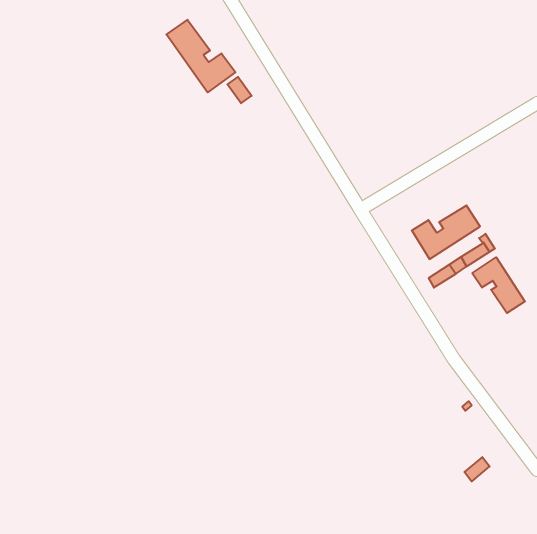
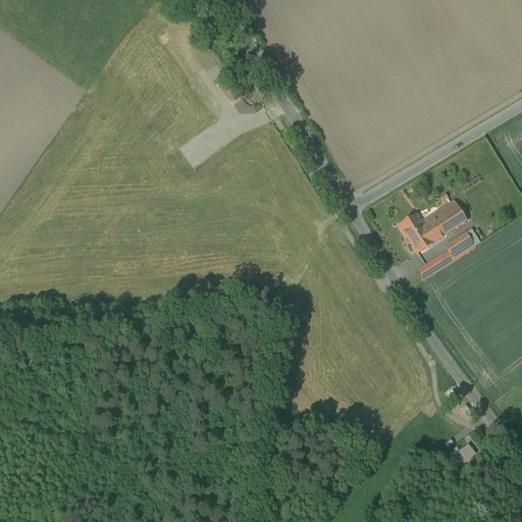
building: [166,20,235,92] -> none
building: [472,257,525,313] -> none

